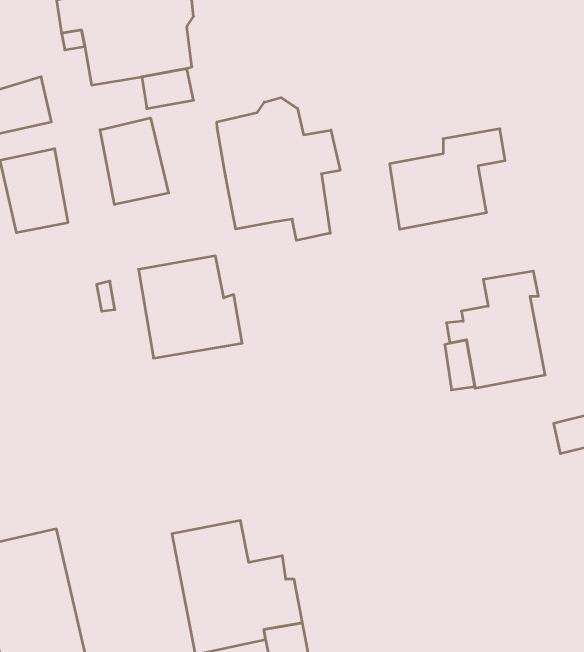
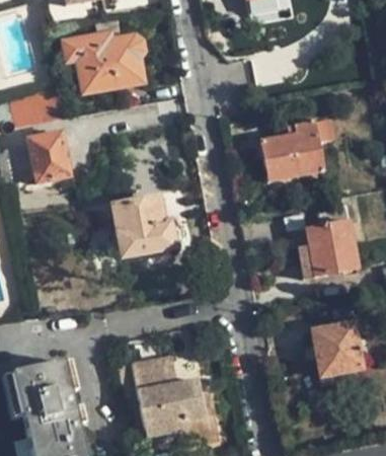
building: [217,98,340,240] -> none
building: [100,118,169,205] -> none
building: none -> [313,322,362,375]

